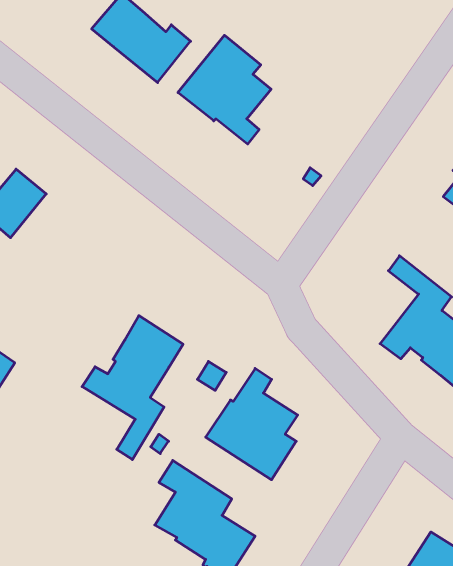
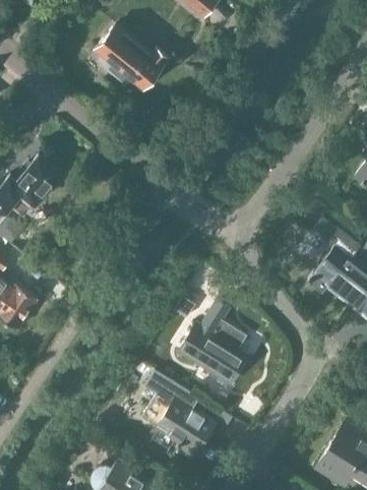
building: [178,35,271,144] -> none
building: [82,316,183,460] -> none

